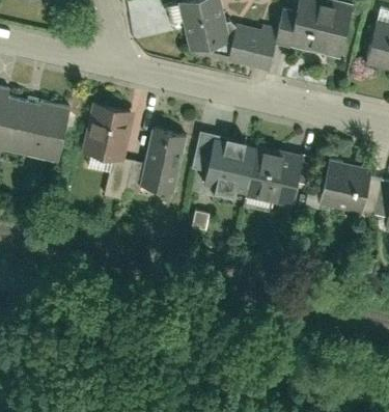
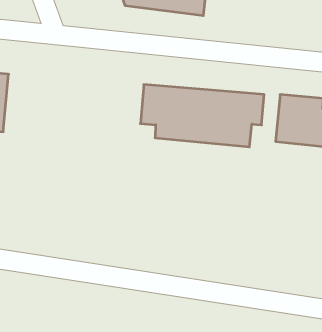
building: [83,104,134,160] -> none
building: [138,127,187,195] -> none

